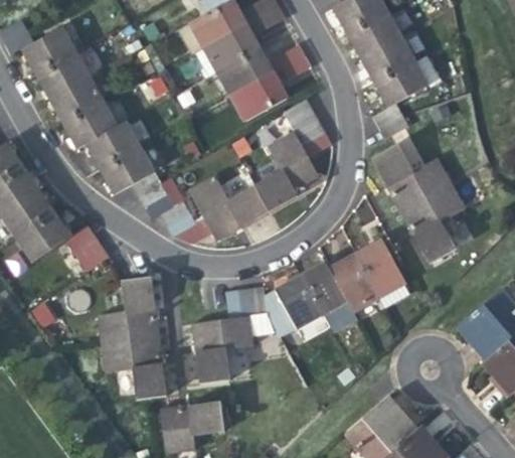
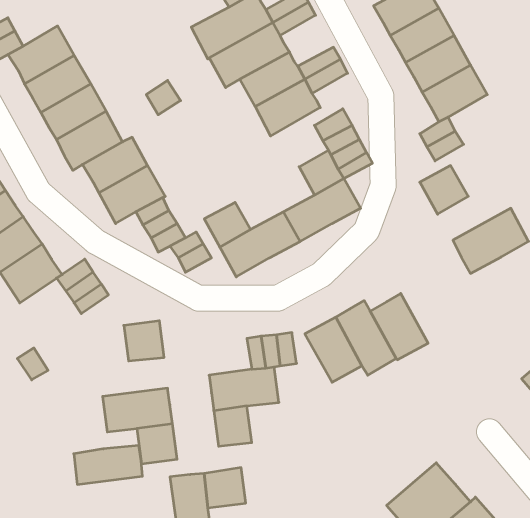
building: [387,159,450,208] -> none
building: [415,222,457,264] -> none
building: [356,241,403,296] -> none
building: [100,308,158,341] -> [74,445,142,484]

